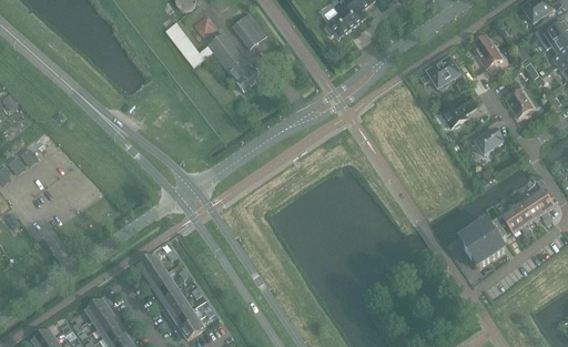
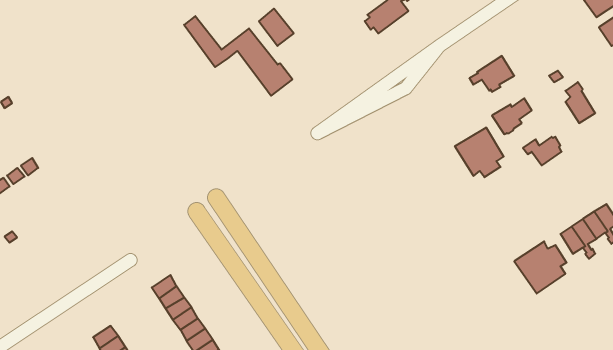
building: [469,33,500,68] -> none
building: none -> [455,127,504,177]

